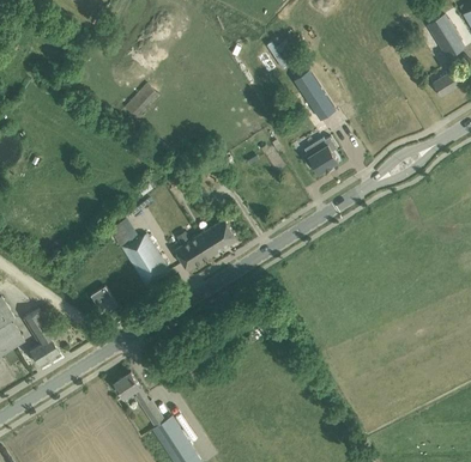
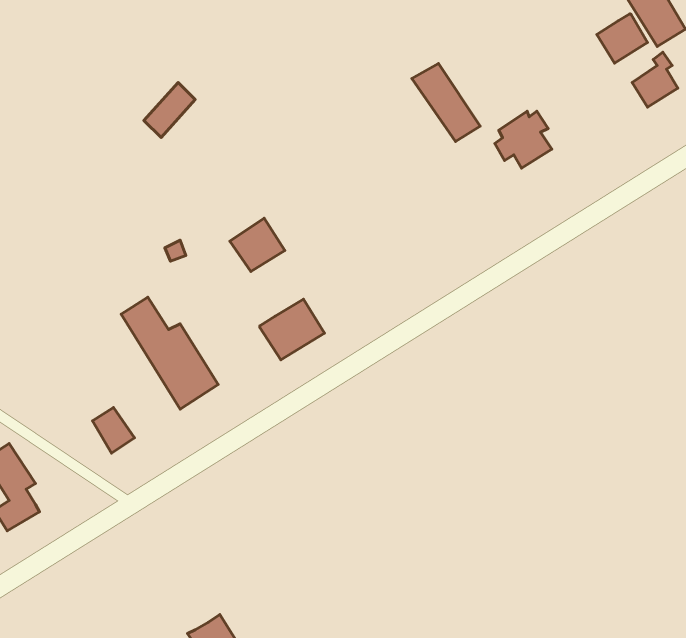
building: none -> [597,14,648,63]
building: [302,138,338,174] -> [495,111,552,168]
building: [175,237,210,270] -> [230,218,285,272]
building: [114,373,164,427] -> none

